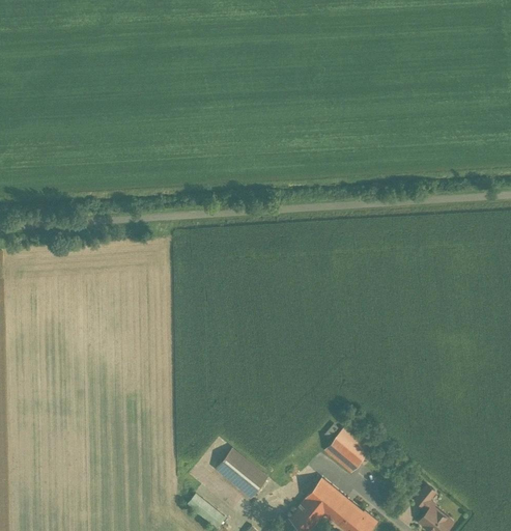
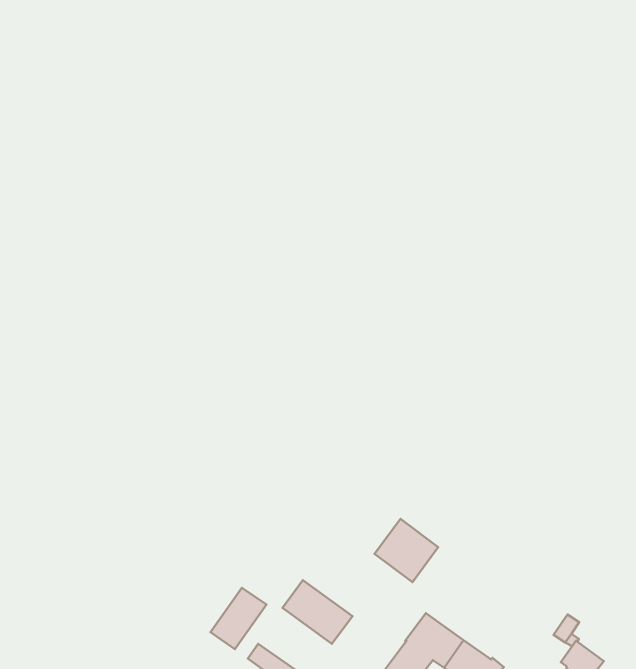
building: [324,426,372,474] -> [375,519,438,582]
building: none -> [211,588,266,649]

